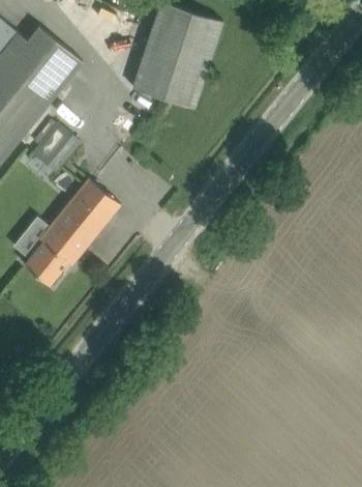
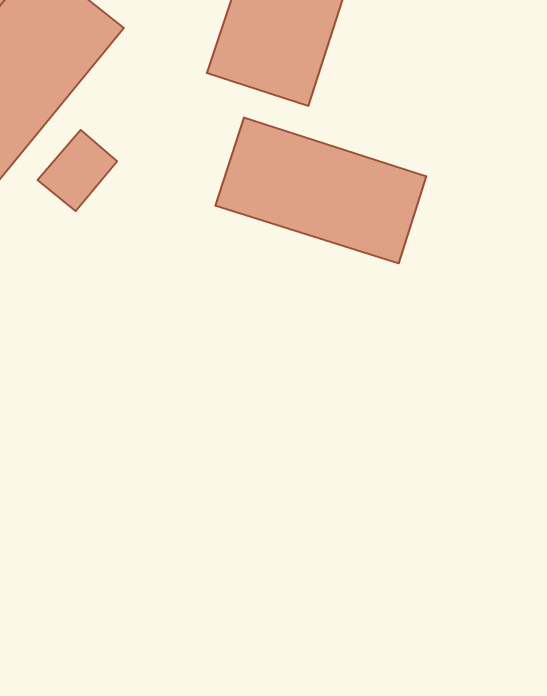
building: none -> [216,117,426,263]
building: [12,180,119,287] -> none

